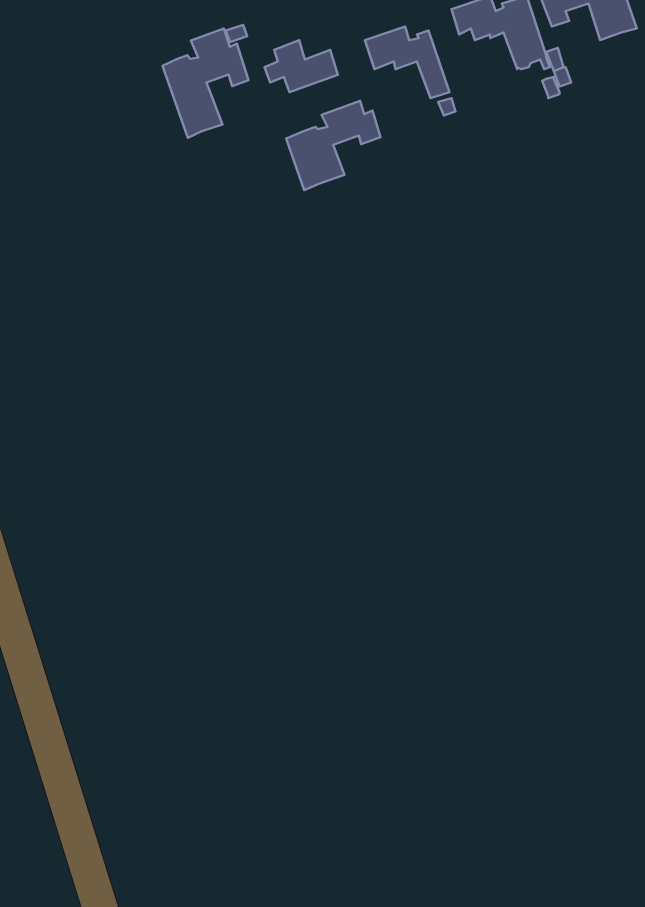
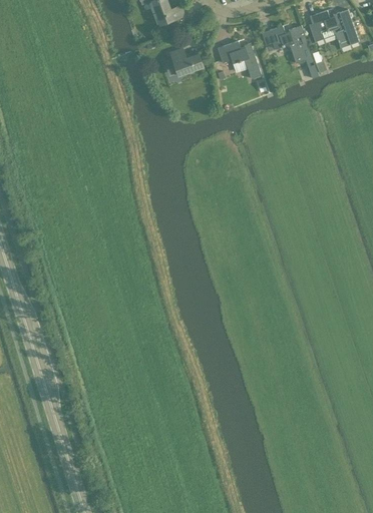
building: [163,29,249,138] -> none
building: [286,101,381,190] -> none

